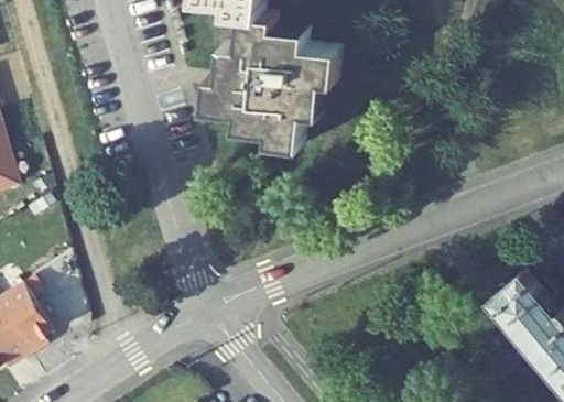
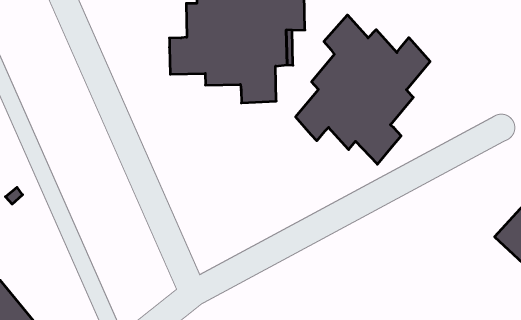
building: none -> [296,15,430,164]

